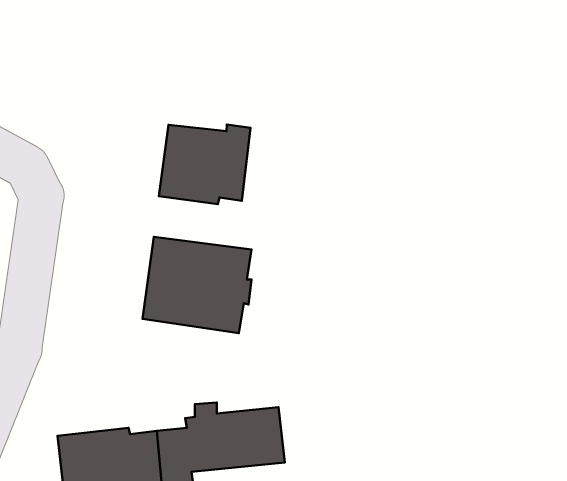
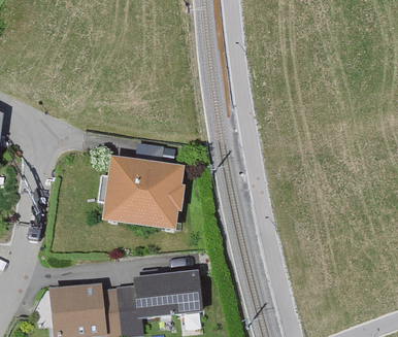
building: [159,125,250,204] -> none

